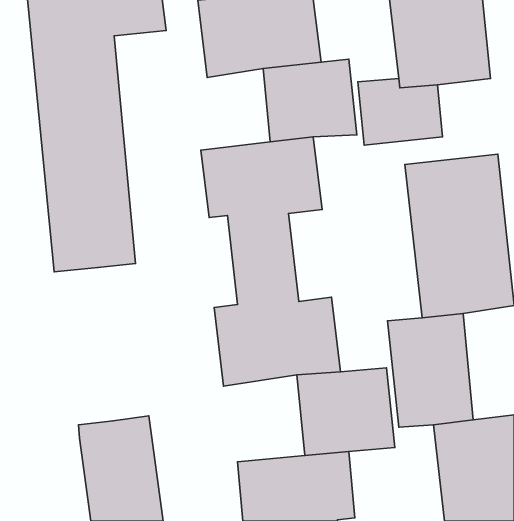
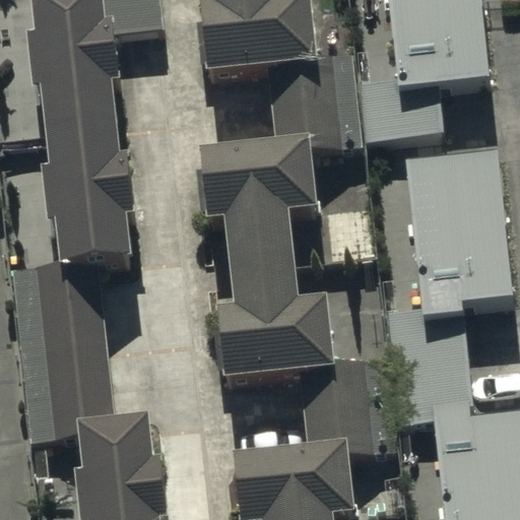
building: none -> [14,266,113,441]

